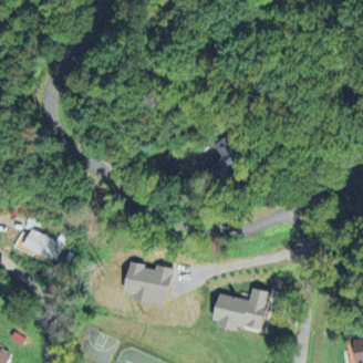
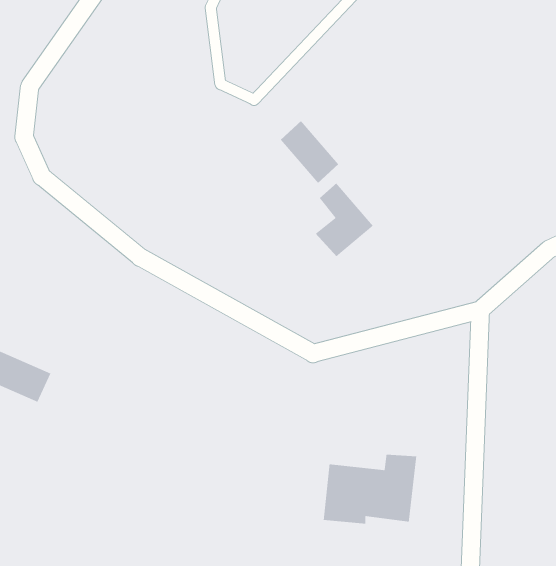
building: none -> [280,120,339,184]
building: [123,262,173,305] -> none

